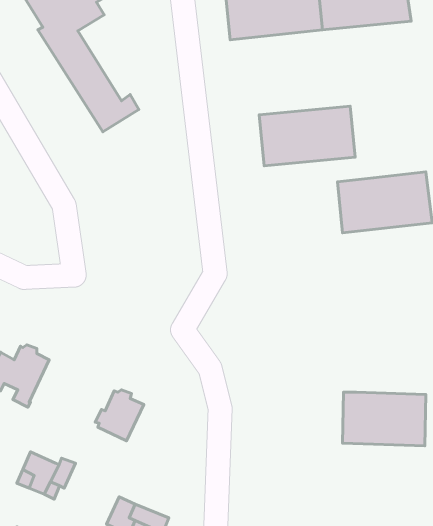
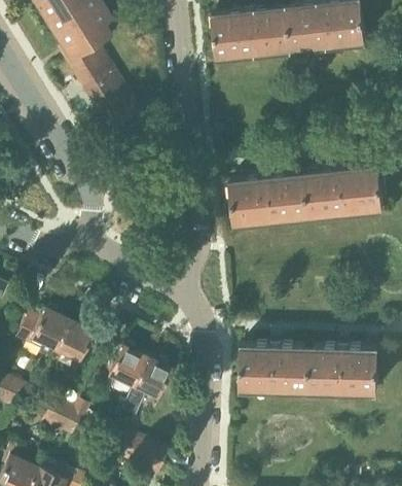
building: [259,106,355,166] -> [230,174,309,223]
building: none -> [51,321,93,362]
building: none -> [241,346,310,390]
building: none -> [121,358,170,417]

